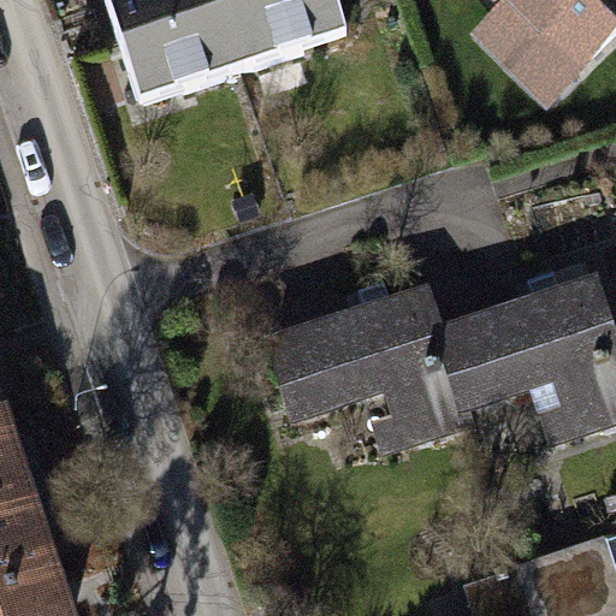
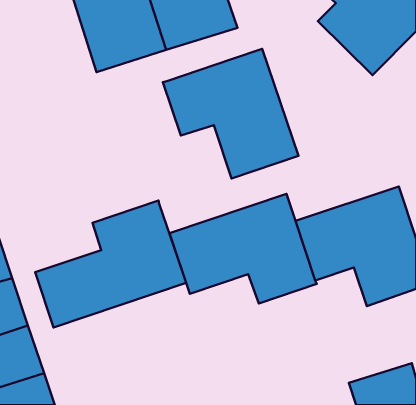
building: none -> [163,49,298,178]
building: none -> [35,201,186,328]

